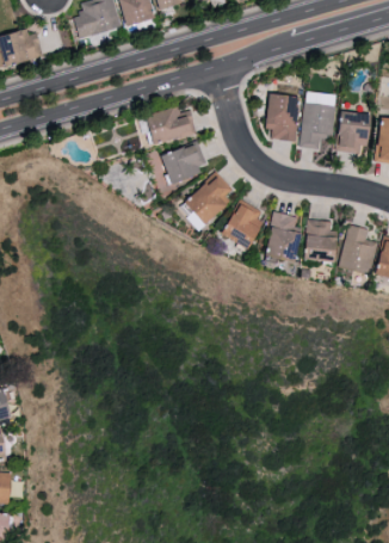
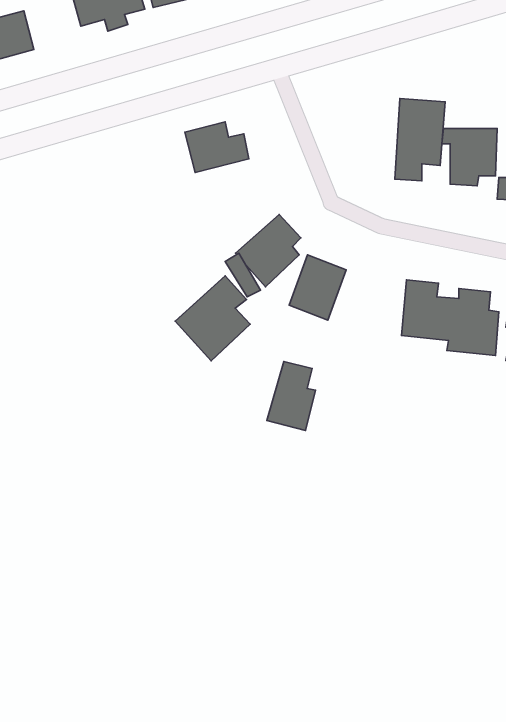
building: [266,95,298,141] -> none
building: [163,144,206,181] -> none
building: [265,212,300,261] -> [267,362,316,431]
building: none -> [175,276,250,361]

